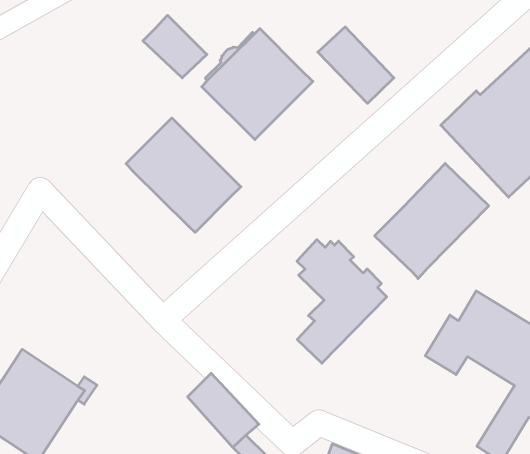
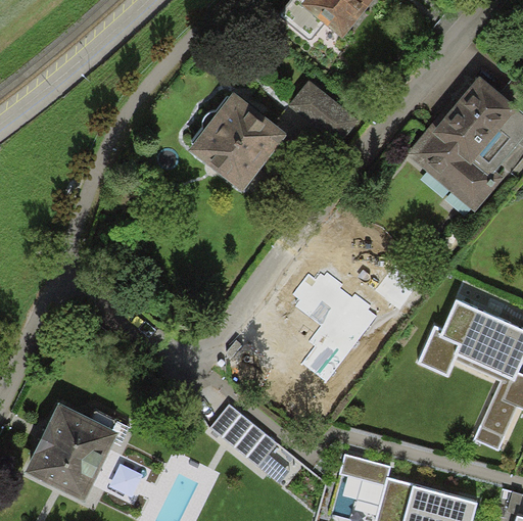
building: [143,15,207,78] -> none
building: [126,118,241,232] -> none
building: [375,163,489,279] -> none

